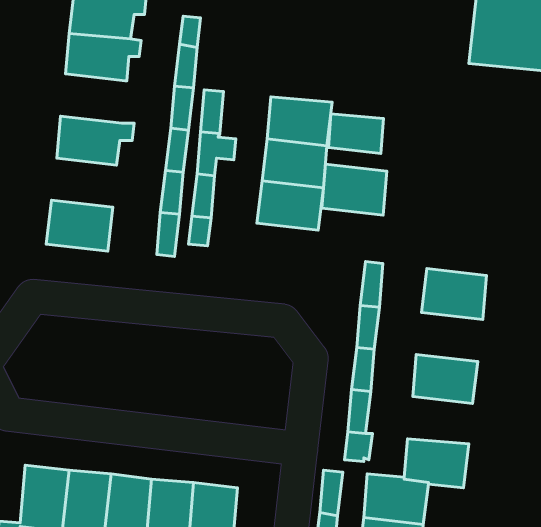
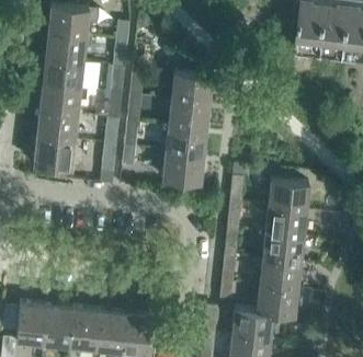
building: none -> [42,57,89,88]
building: [328,114,384,153] -> none
building: none -> [36,110,77,140]
building: [322,164,387,215] -> [162,150,203,182]
building: none -> [264,206,306,237]
building: none -> [259,258,299,288]

